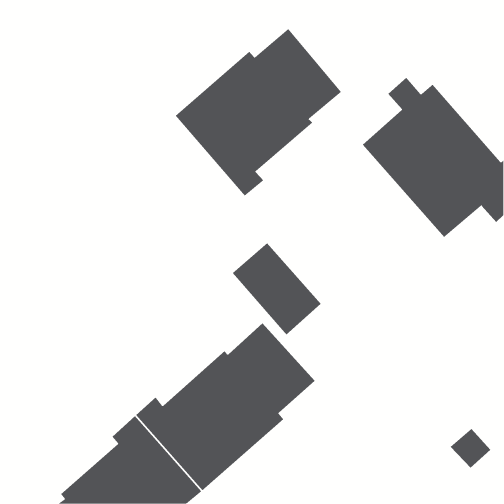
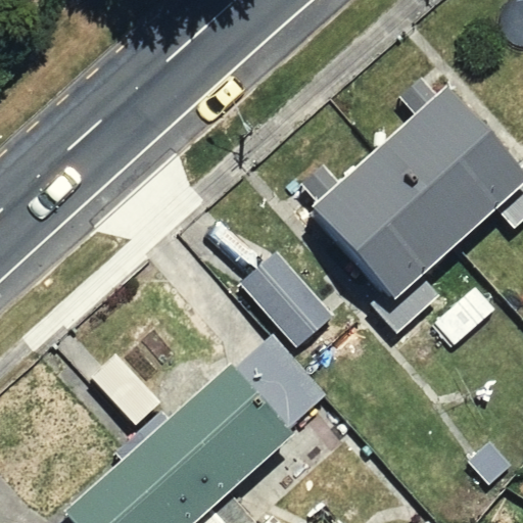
building: [175,28,342,197] -> none
building: none -> [302,150,460,335]

